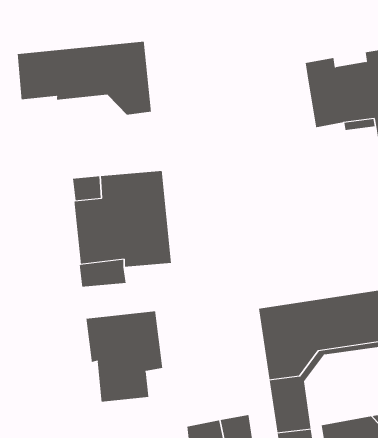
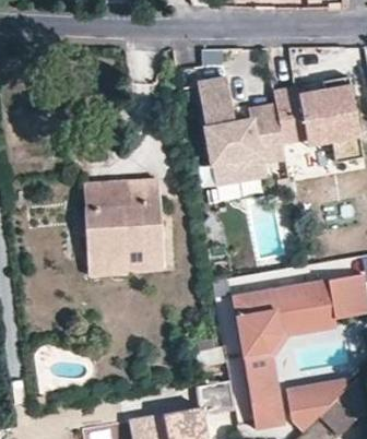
building: [17,41,152,115] -> none
building: none -> [198,79,284,182]
building: [86,310,163,402] -> none

